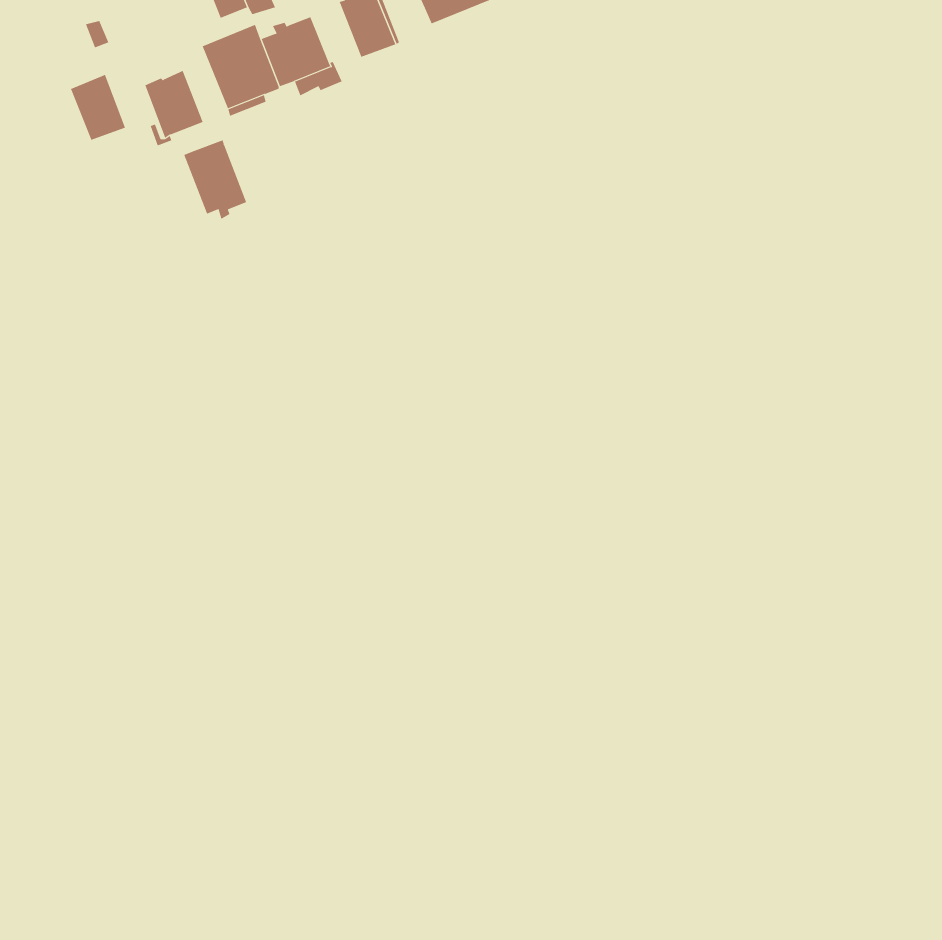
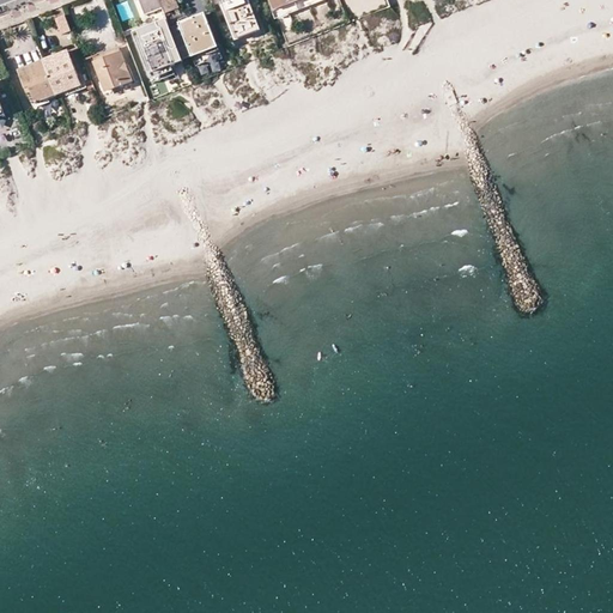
building: none -> [19,57,59,99]
building: [183,140,247,220] -> none

